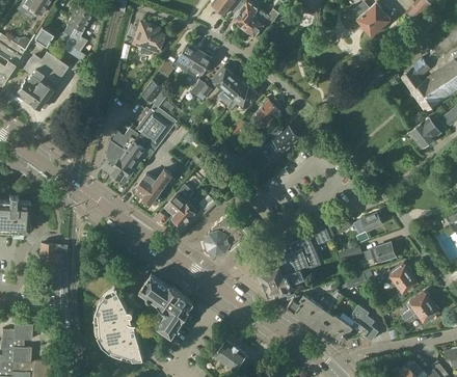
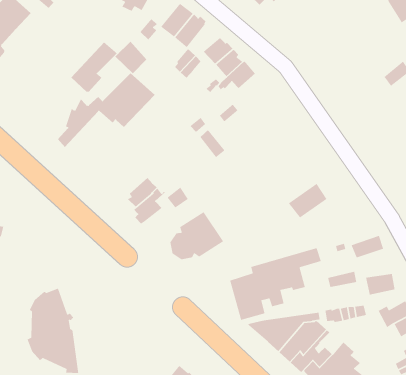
building: [249,99,281,126] -> none
building: [267,125,299,156] -> [288,183,328,219]
building: [109,140,145,184] -> [70,41,118,93]
building: [136,169,171,206] -> none
building: [139,274,193,336] -> none

